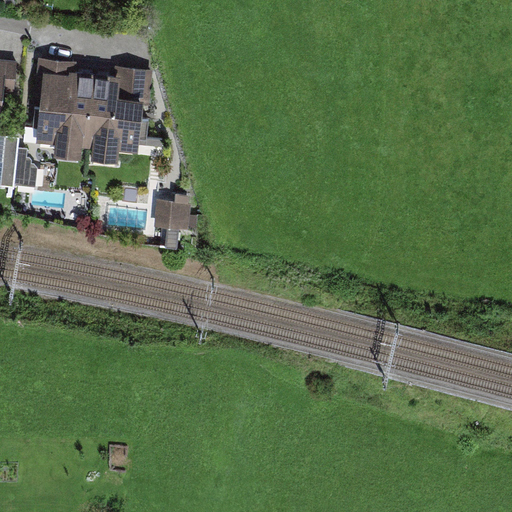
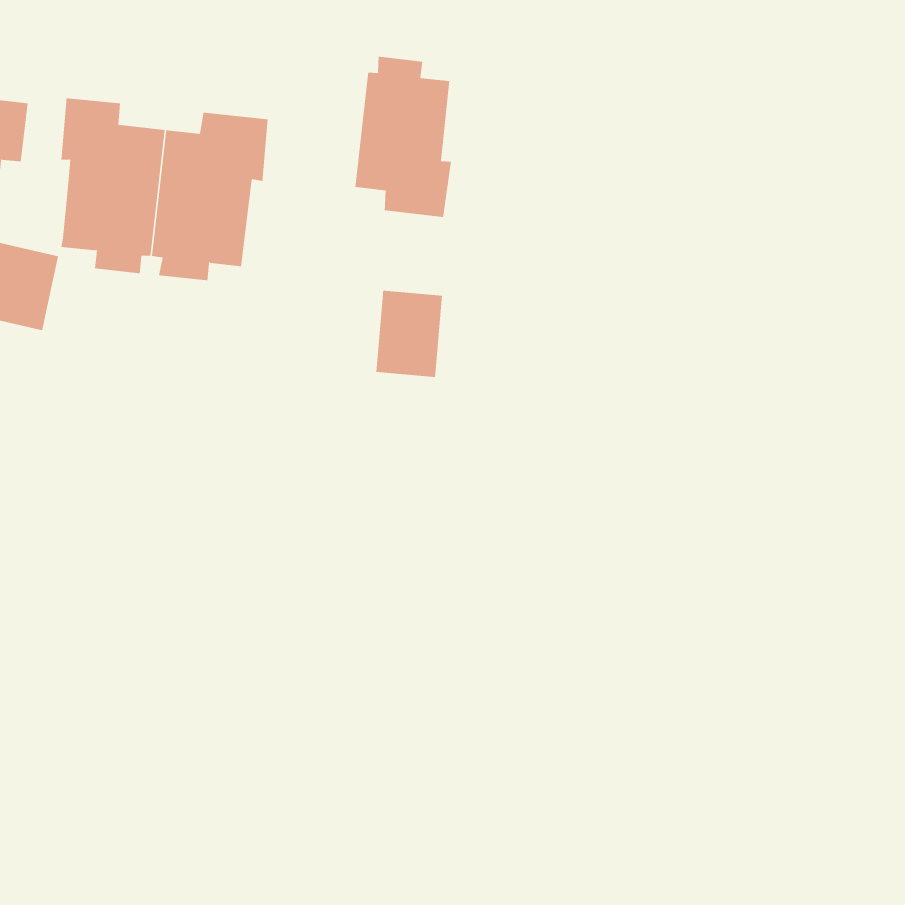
building: none -> [355,56,451,218]
building: [156,198,194,247] -> [375,290,443,377]

